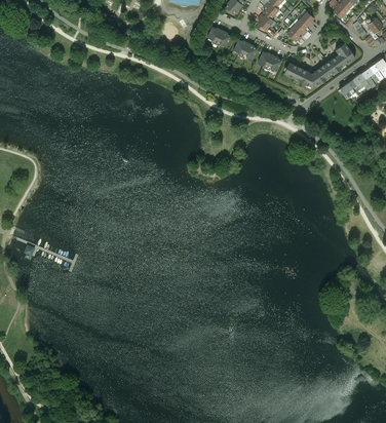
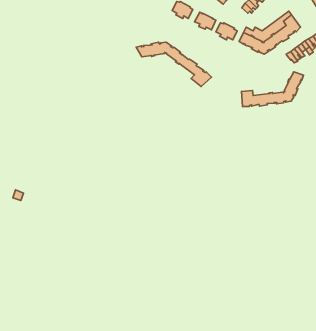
building: none -> [136,42,212,86]
building: none -> [242,72,304,107]

